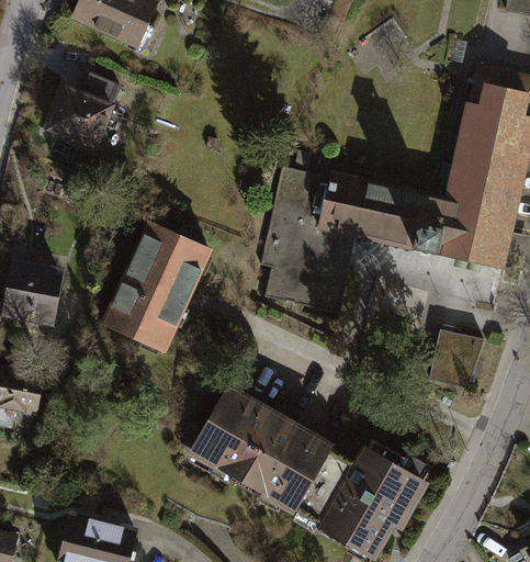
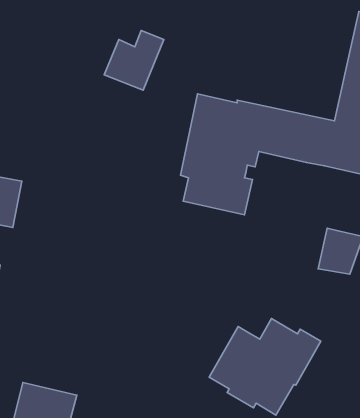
building: [46,76,119,148] -> [104,31,164,90]
building: [103,224,206,349] -> none
building: [193,391,330,510] -> none

